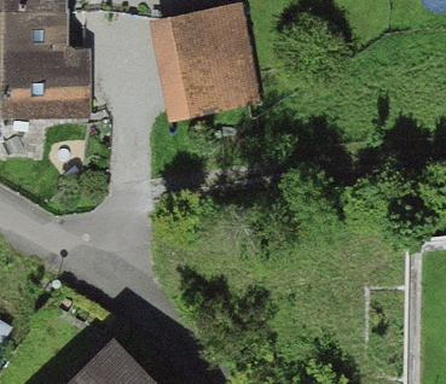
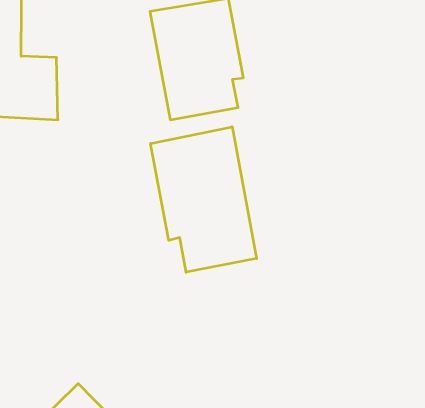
building: none -> [151,127,257,272]

